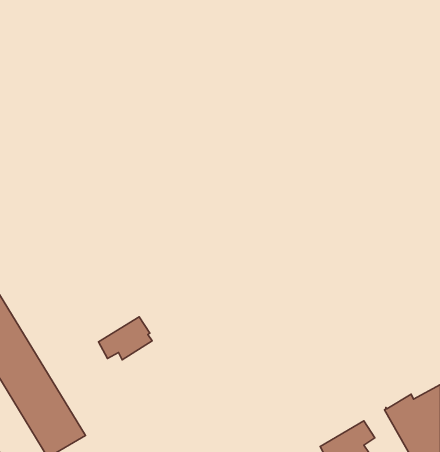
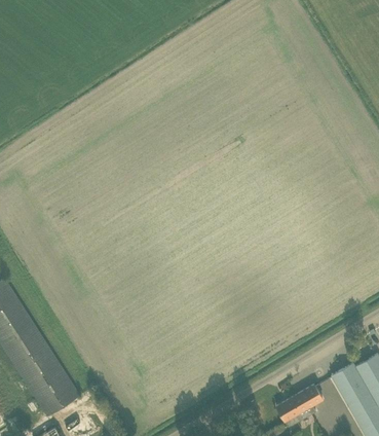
building: [98,317,152,360] -> none

